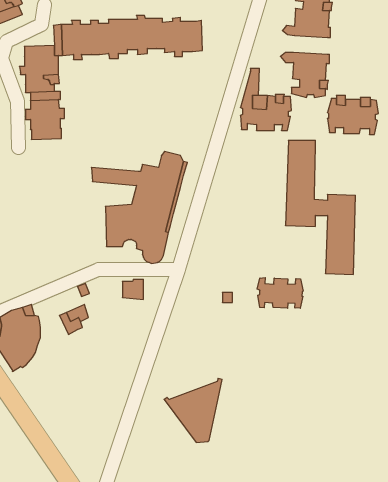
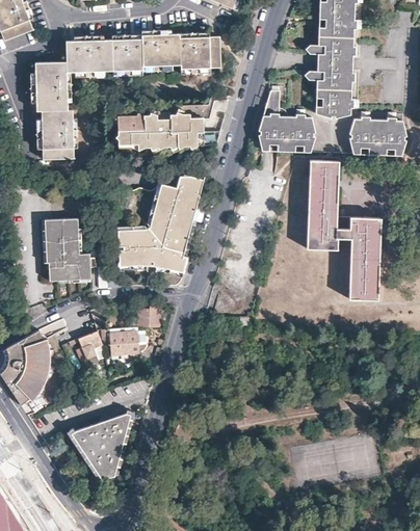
building: none -> [315,52,350,72]
building: none -> [114,113,202,152]
building: none -> [43,219,97,284]
building: [257,278,303,308] -> none
building: none -> [102,328,141,354]
building: [164,378,222,442] -> [70,410,130,477]

